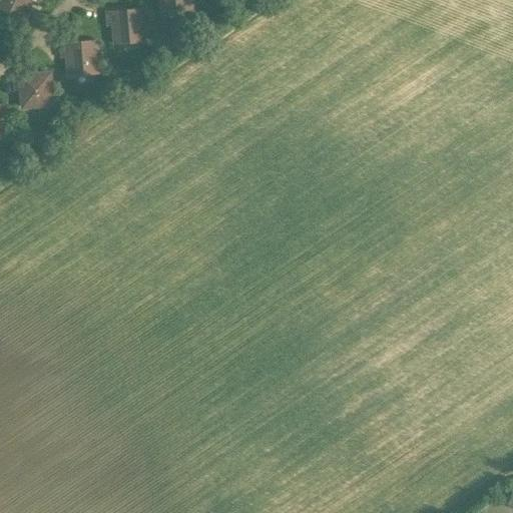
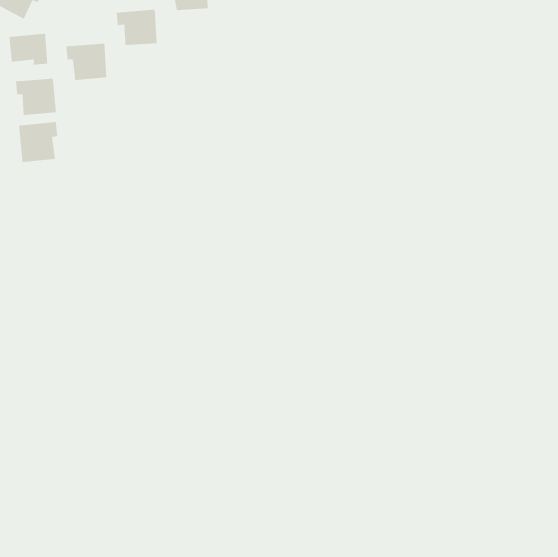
building: none -> [9,33,48,65]
building: none -> [18,121,58,163]

